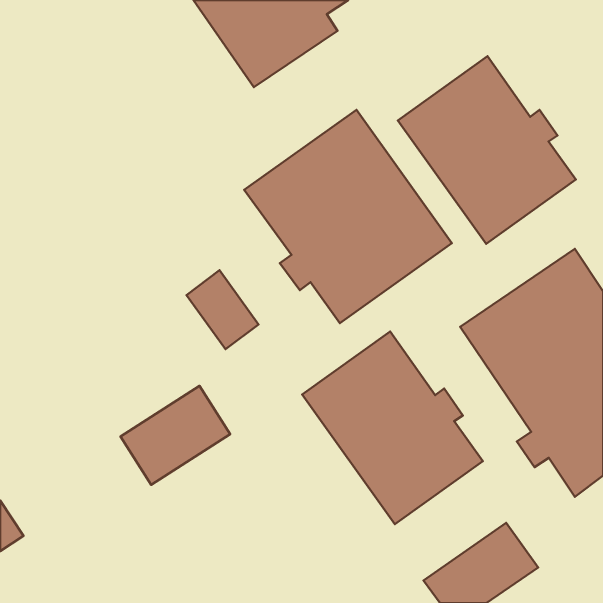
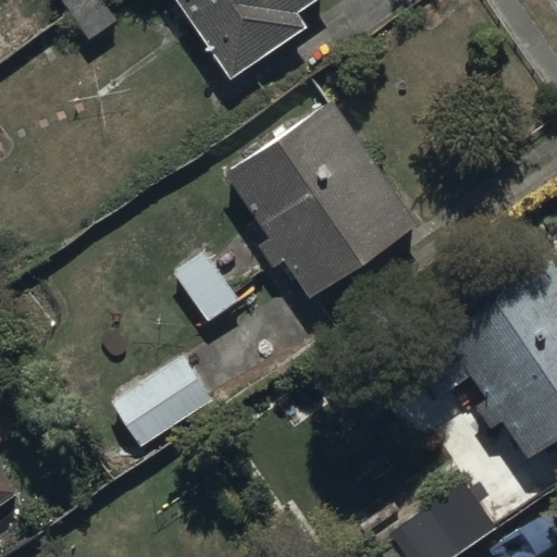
building: [398,56,576,244] -> none
building: [302,332,483,524] -> none

